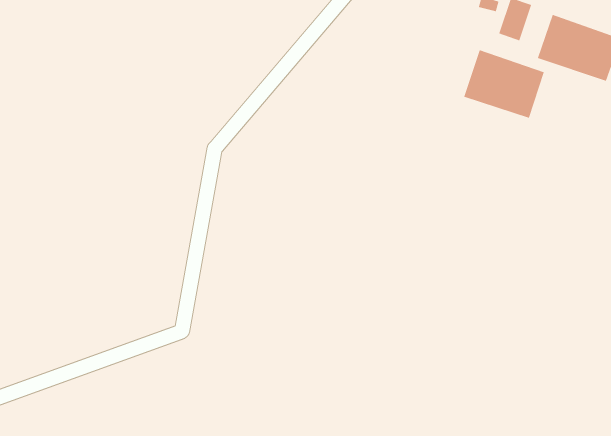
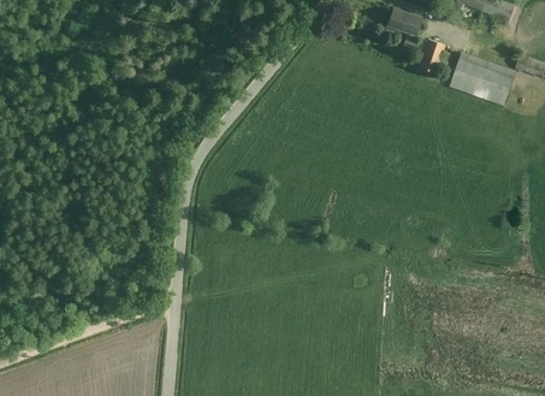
building: [463,49,545,119] -> none

